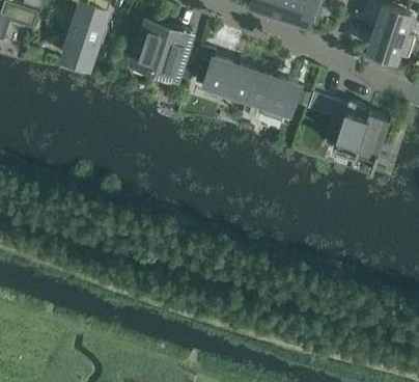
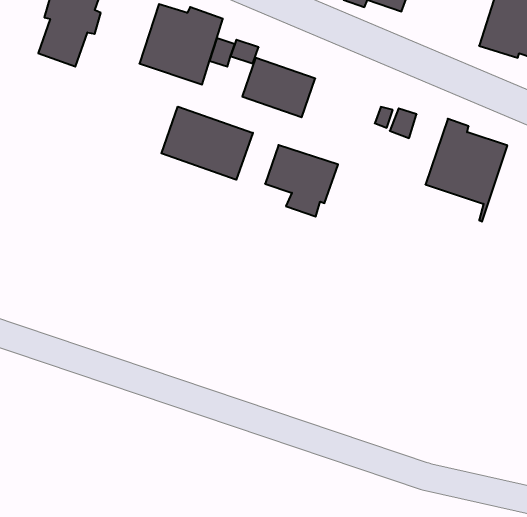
building: [245,74,296,124] -> [265,145,338,217]
building: none -> [161,107,253,180]

